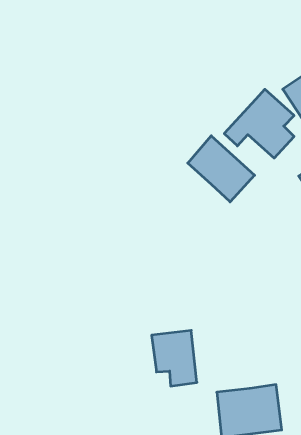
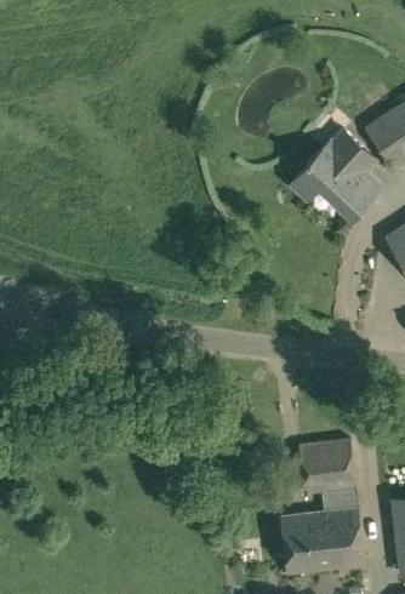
building: [188,136,255,202] -> none
building: [152,330,197,386] -> [298,440,356,512]

